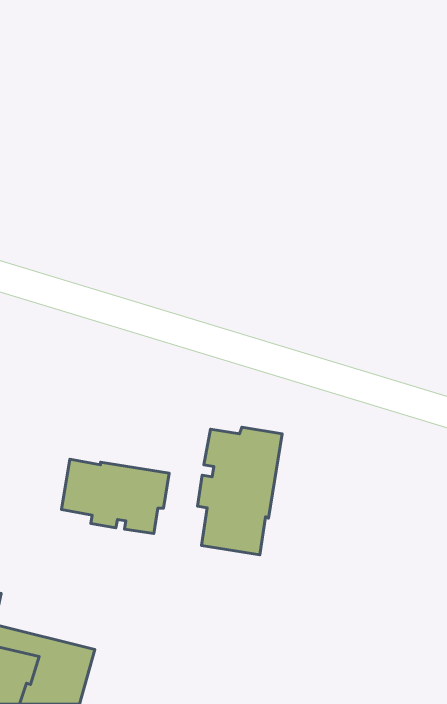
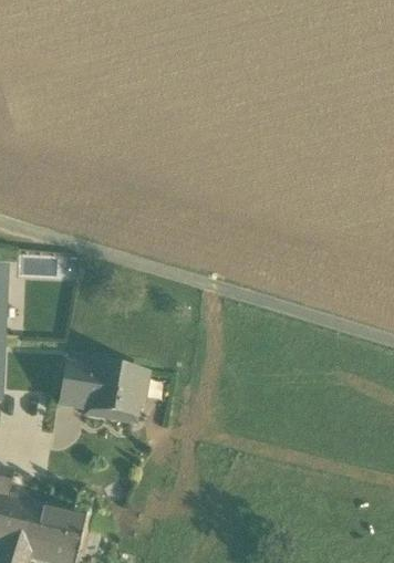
building: [197,427,282,555] -> none

